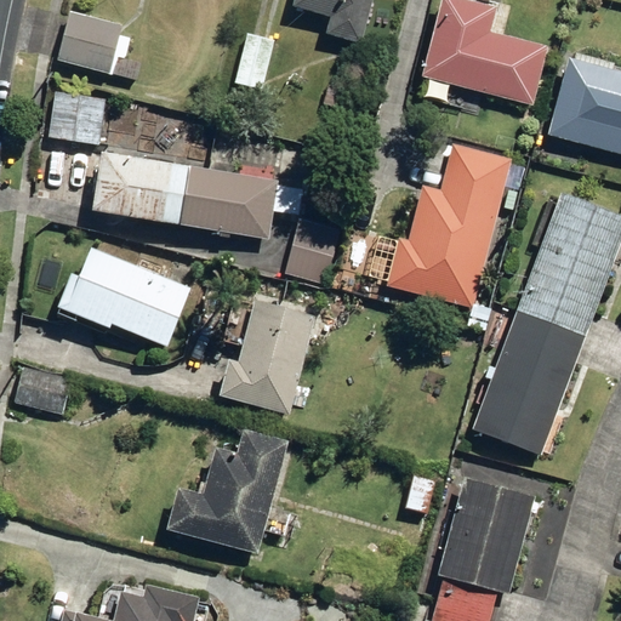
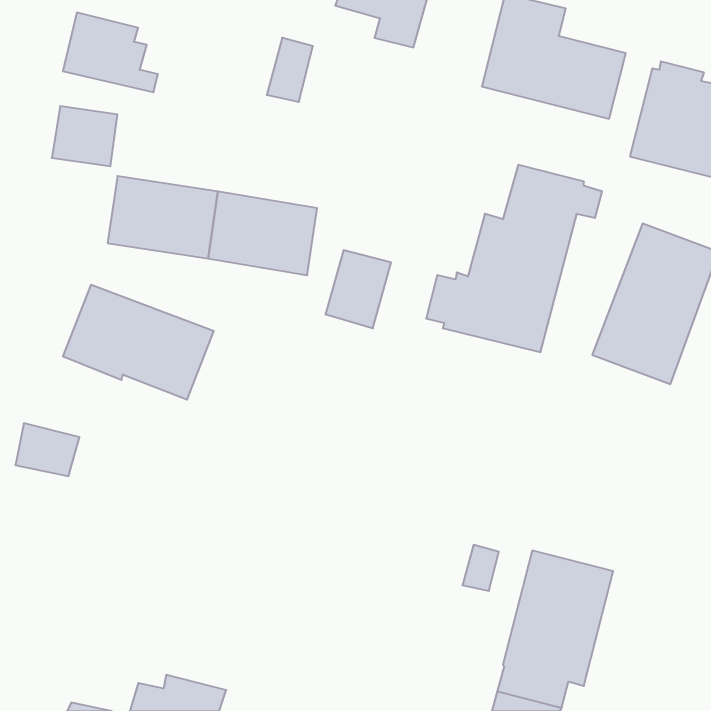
building: [218,303,312,414] -> none
building: [472,308,585,455] -> none
building: [165,431,286,554] -> none

